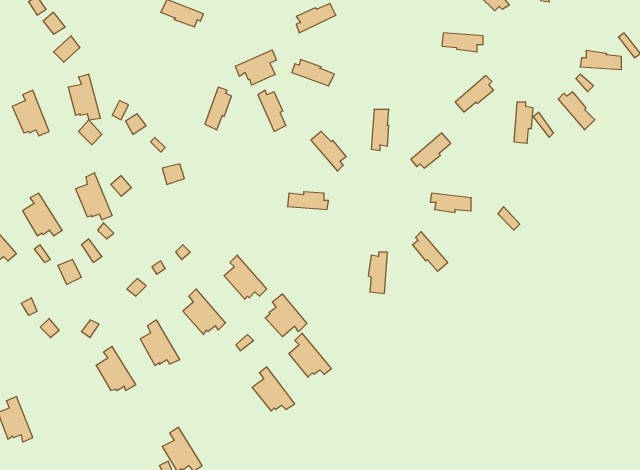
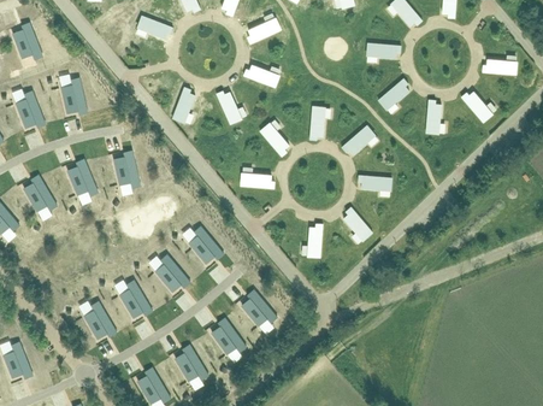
building: none -> [13,22,42,59]
building: [235,50,276,85] -> none
building: none -> [113,149,140,188]
building: [265,294,307,337] -> none
building: none -> [176,343,208,379]

